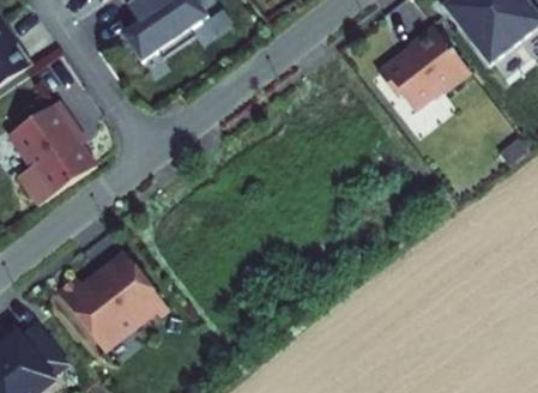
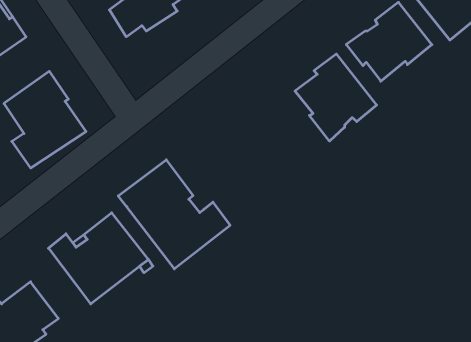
building: none -> [295,54,377,141]
building: none -> [118,160,230,269]

